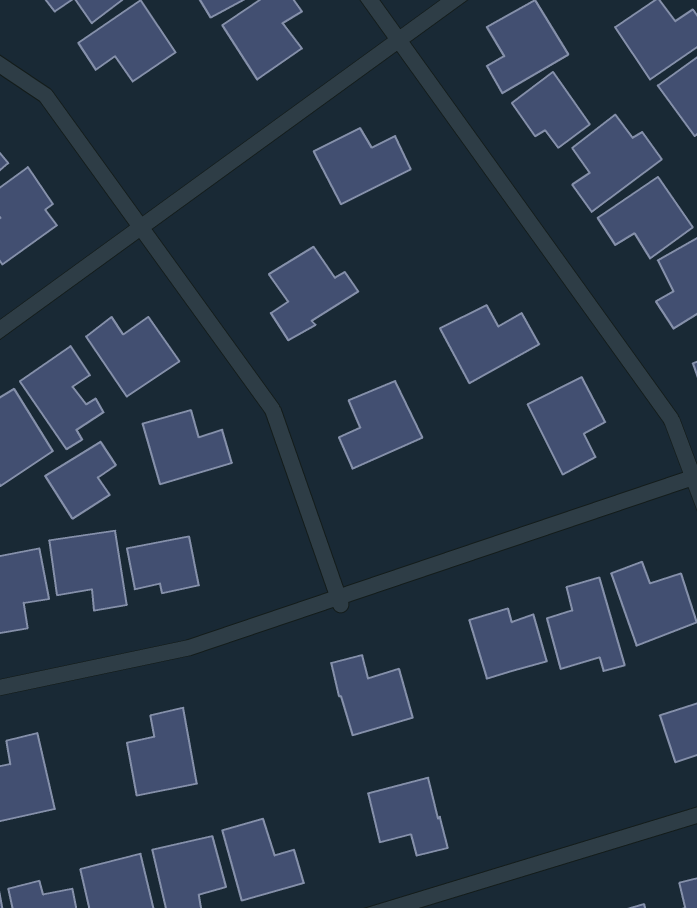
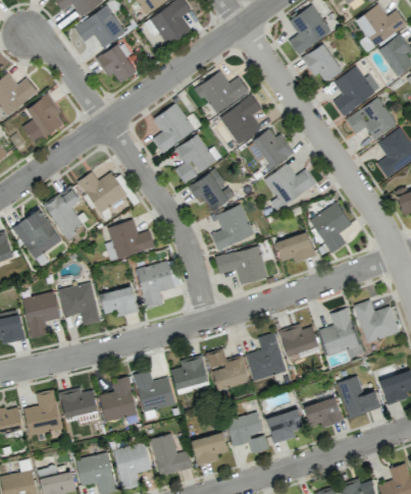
building: none -> [96,44,136,83]
building: none -> [219,96,261,145]
building: none -> [153,103,195,153]
building: none -> [247,129,293,167]
building: none -> [189,168,235,212]
building: none -> [275,231,315,263]
building: [45,442,116,519] -> none
building: none -> [215,245,267,283]
building: none -> [136,261,175,309]
building: none -> [246,332,287,381]
building: none -> [171,355,210,394]
building: none -> [134,370,175,413]
building: none -> [338,376,381,419]
building: none -> [59,387,98,419]
building: none -> [304,396,343,427]
building: none -> [266,408,304,443]
building: none -> [191,432,228,465]

